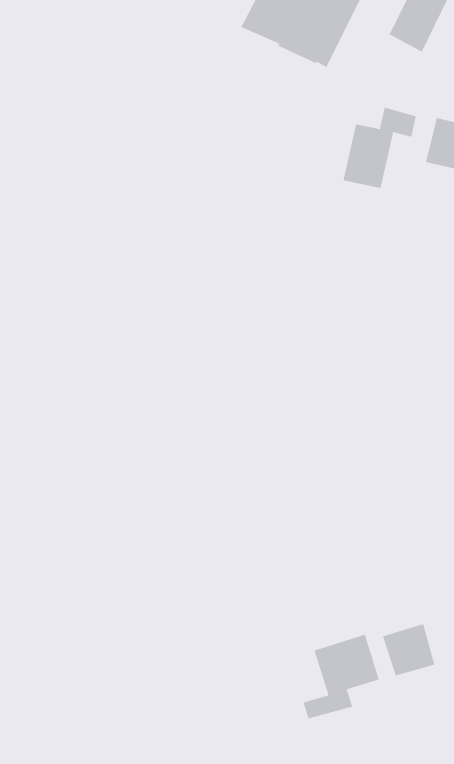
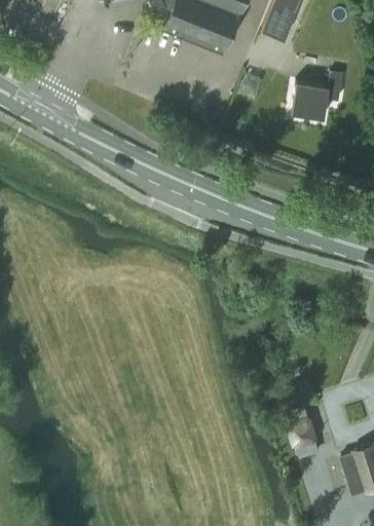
building: [343,107,416,189] -> none
building: [303,634,379,719] -> none

